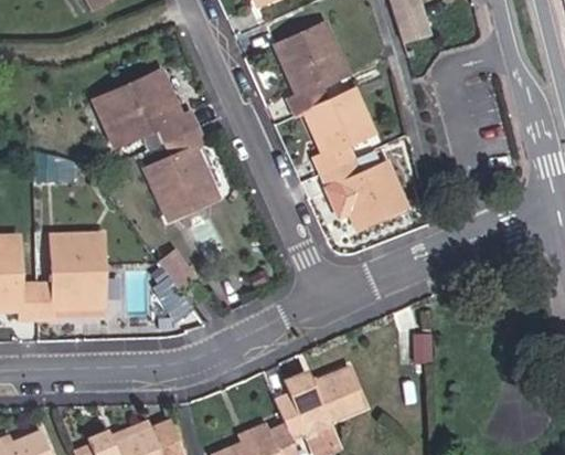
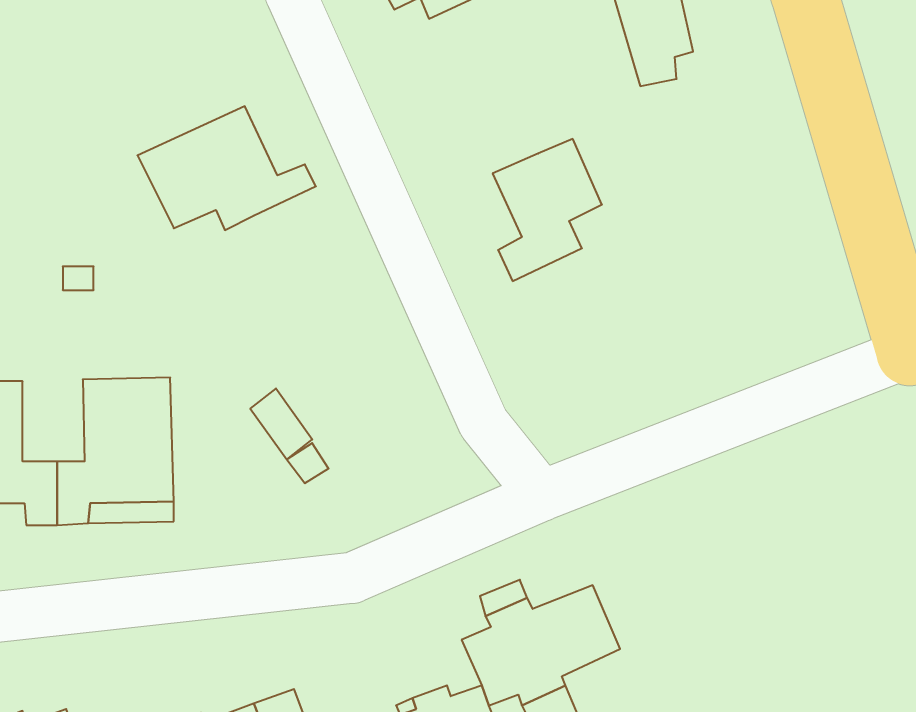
building: [273,21,343,116] -> none
building: [137,117,207,208] -> none
building: [315,146,402,224] -> none

